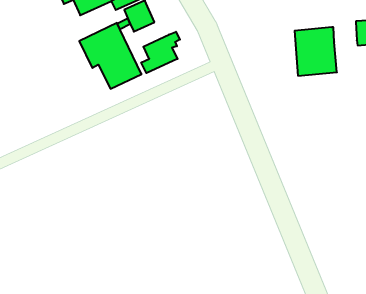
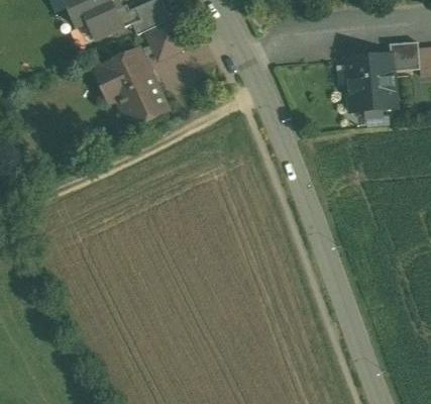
building: none -> [390,40,419,71]
building: [141,32,180,73] -> none

